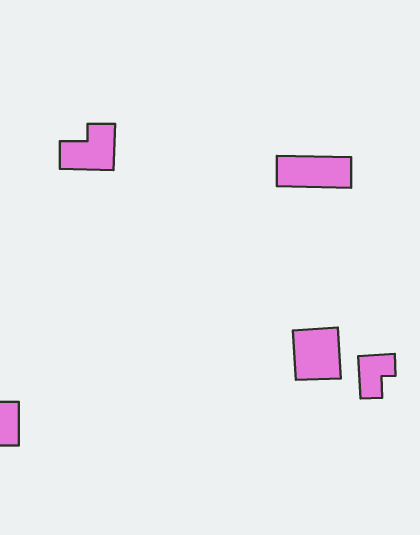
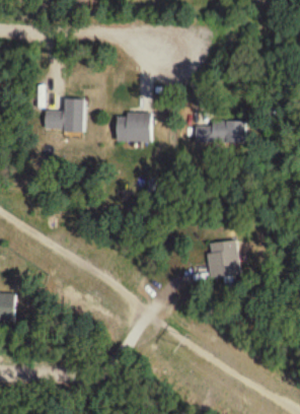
building: none -> [116,113,151,142]
building: [358,354,395,399] -> none

